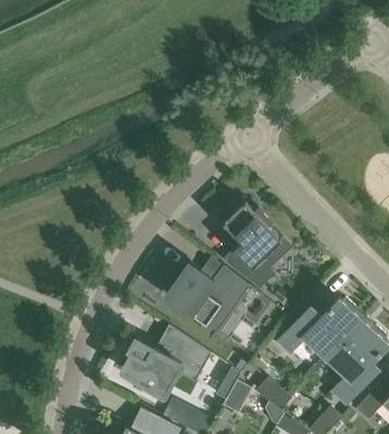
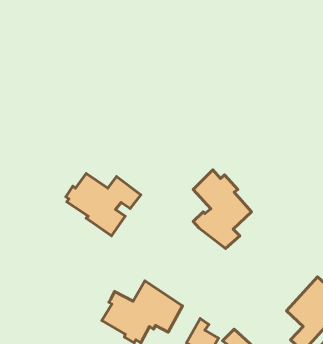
building: [166,264,250,333] -> [66,174,141,236]
building: [278,298,363,359] -> none

